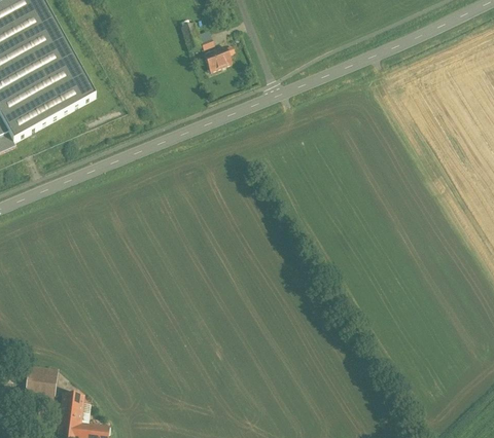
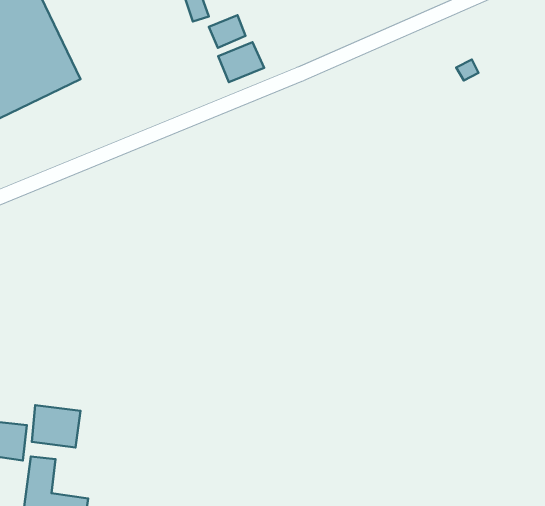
building: none -> [218,42,264,82]
building: none -> [32,405,80,447]

